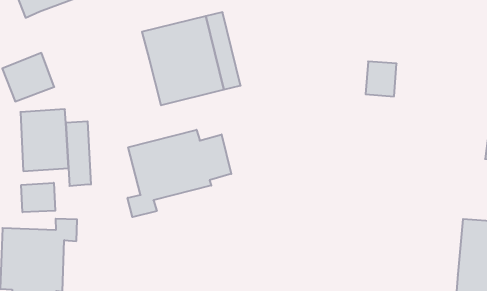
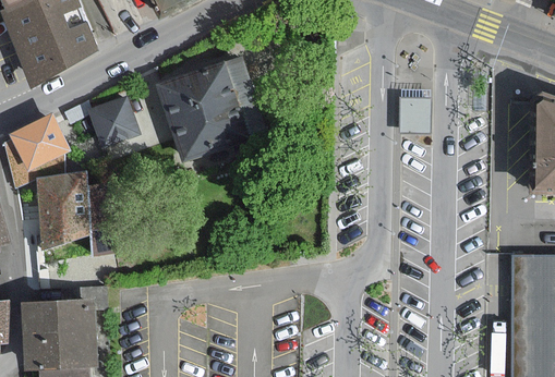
building: none -> [87,94,142,146]
building: [128,130,231,217] -> none
building: [21,183,55,212] -> none

